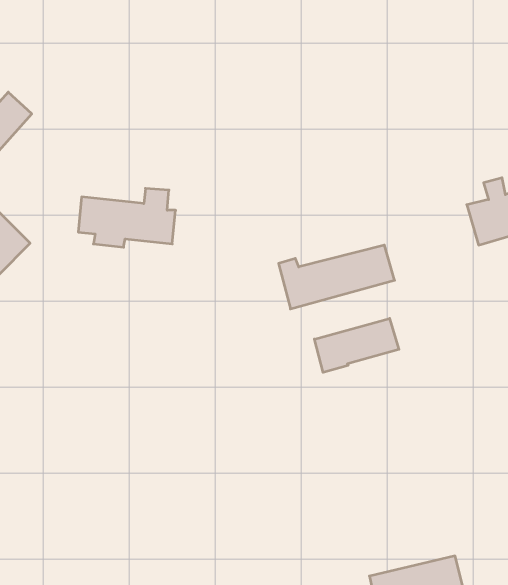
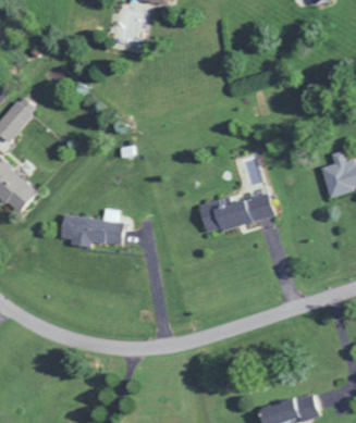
building: [78,188,176,247] -> [60,209,123,247]
building: [314,318,399,372] -> none

